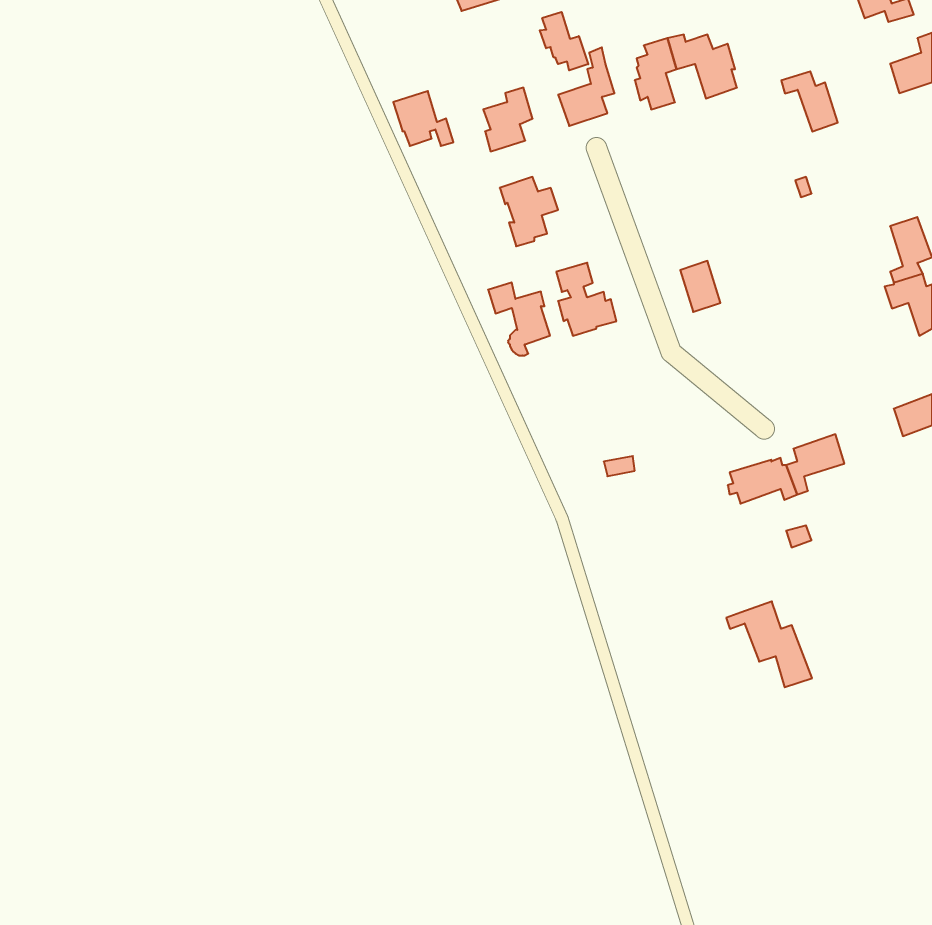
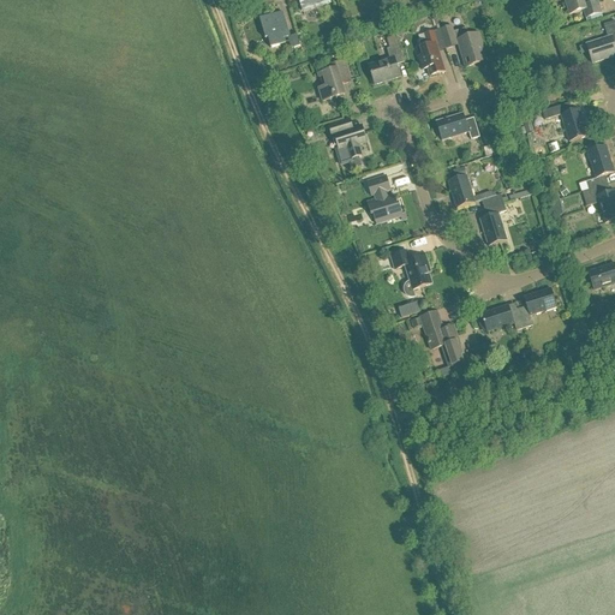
building: [540,12,588,70] -> none
building: [781,71,838,132] -> [549,100,586,139]
building: [393,91,453,146] -> [261,8,300,44]
building: none -> [435,111,480,139]
building: [488,282,550,355] -> [392,247,432,295]
building: none -> [479,191,506,244]
building: [726,601,812,687] -> [411,308,467,364]

